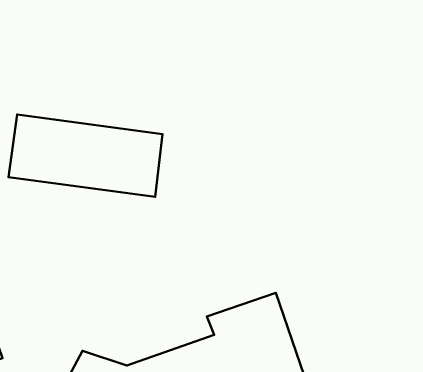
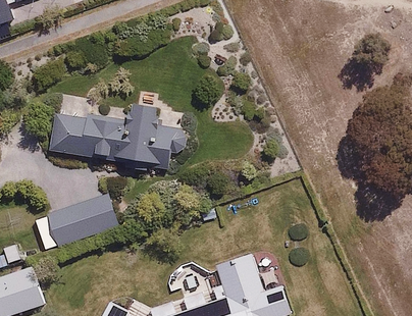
building: none -> [45,192,119,251]

